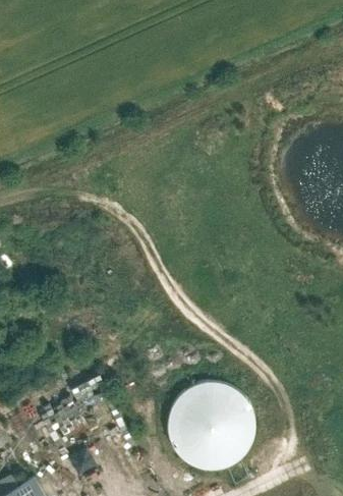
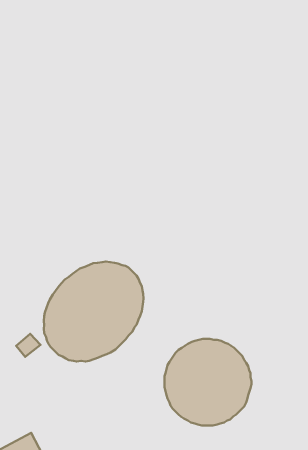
building: none -> [44,262,144,361]

